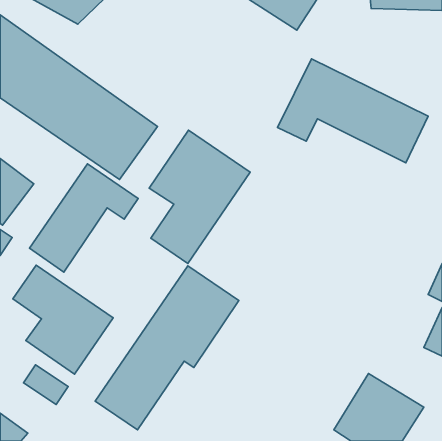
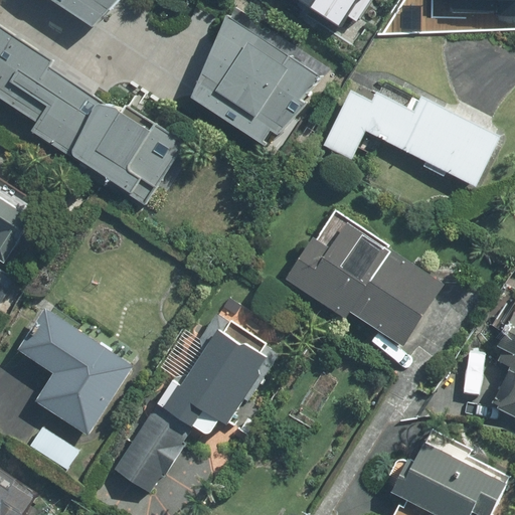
building: none -> [184,27,321,160]
building: [149,130,250,264] -> none
building: [30,164,138,272] -> none
building: none -> [288,193,452,344]

